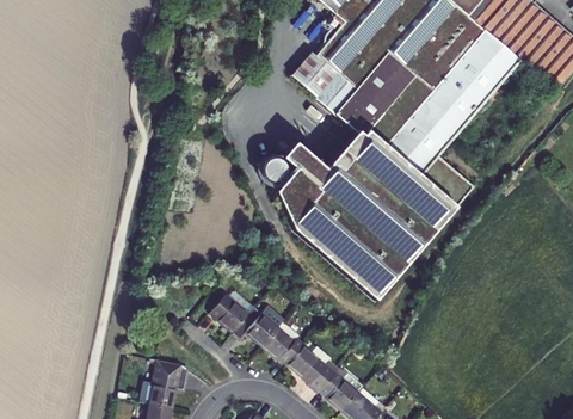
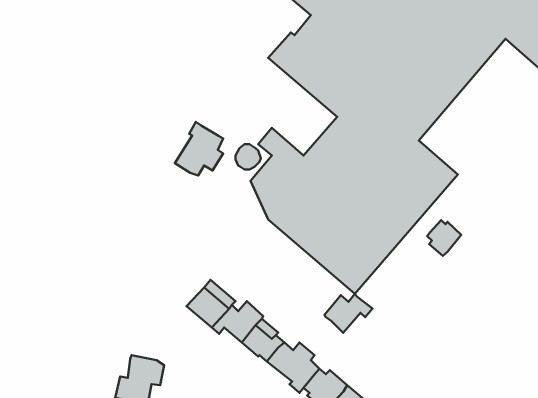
building: none -> [175,122,223,176]
building: none -> [427,220,461,256]
building: none -> [324,294,372,333]

